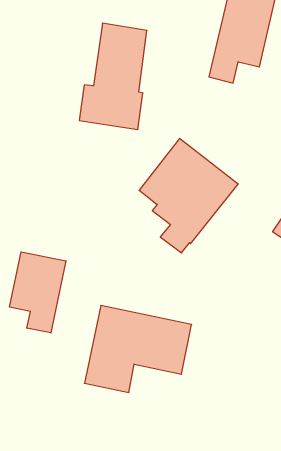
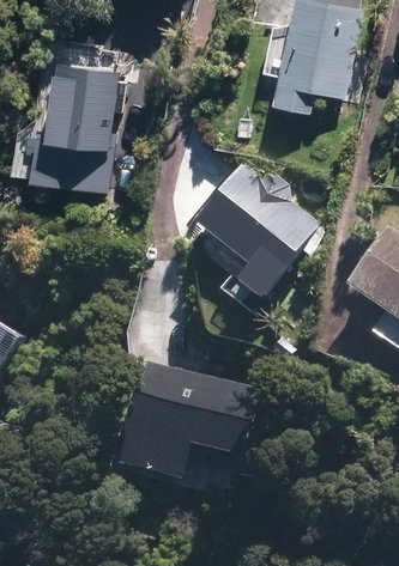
building: [79,23,147,129] -> [35,59,115,184]
building: [10,252,66,333] -> none

